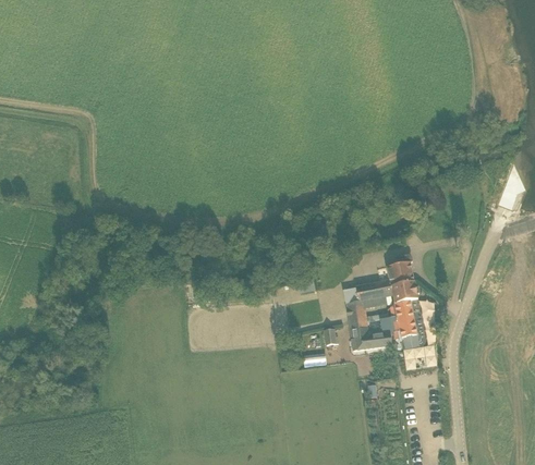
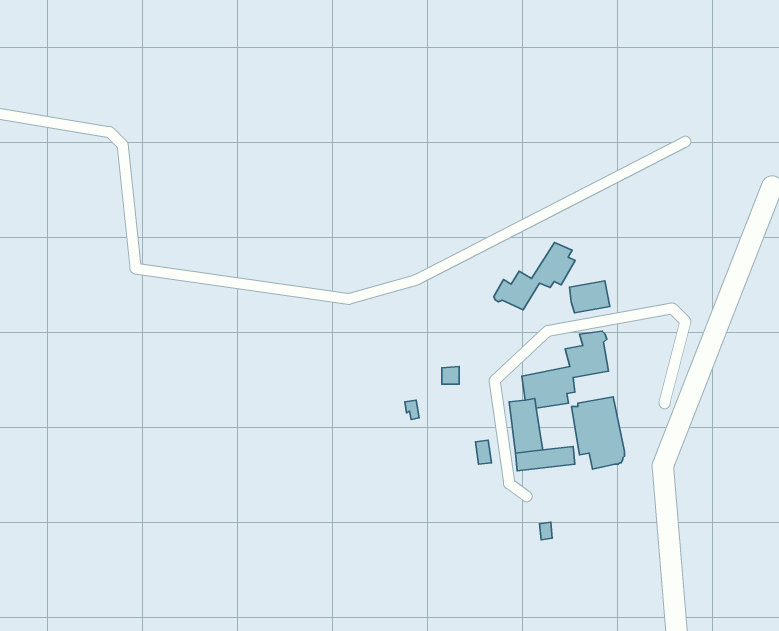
building: none -> [494,243,575,310]
building: [390,284,417,306] -> [570,281,610,313]

